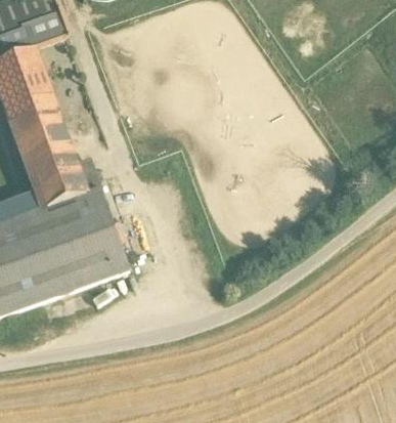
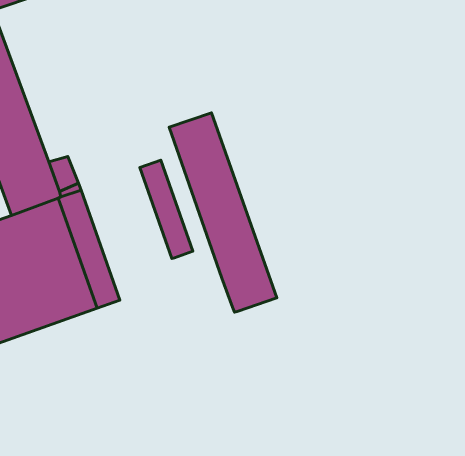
building: none -> [169,113,277,312]
building: none -> [140,160,193,258]

